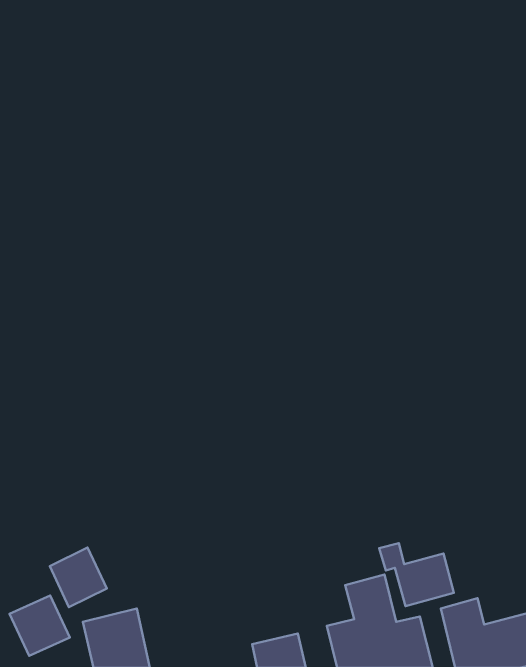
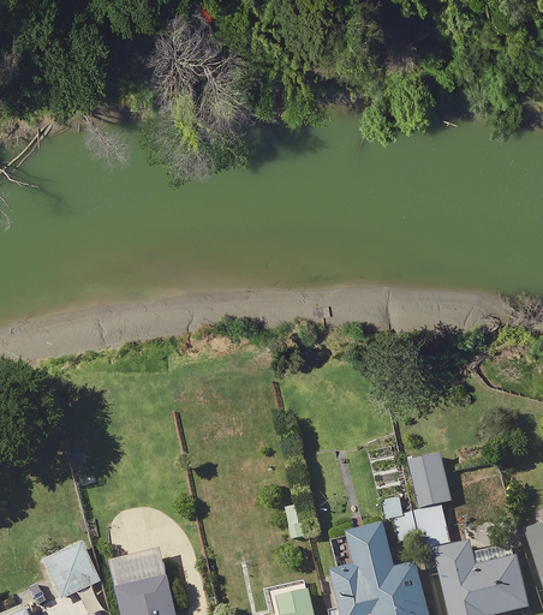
building: none -> [410,459,450,508]
building: [50,548,107,607] -> none

